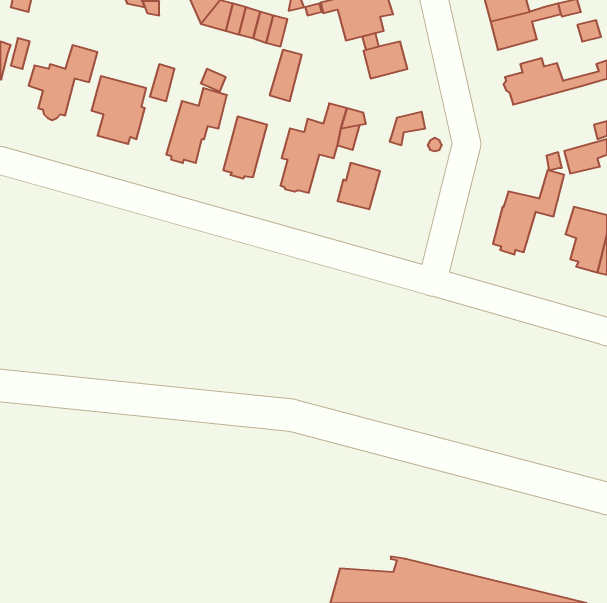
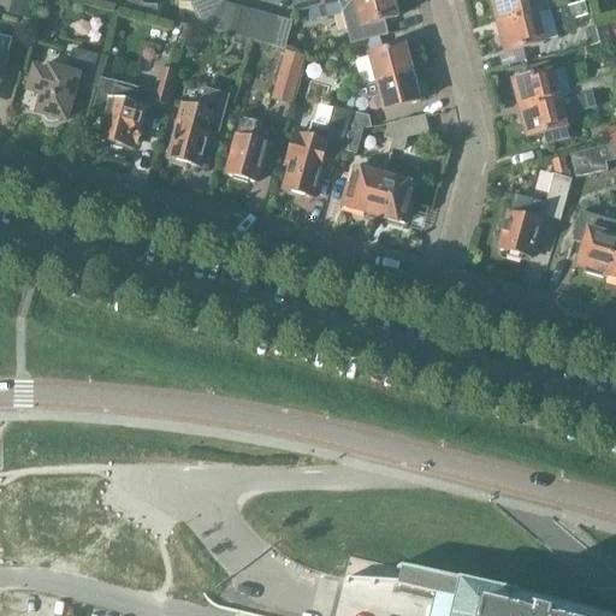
building: none -> [356,70,426,108]
building: none -> [520,87,594,141]
building: none -> [374,173,414,221]

